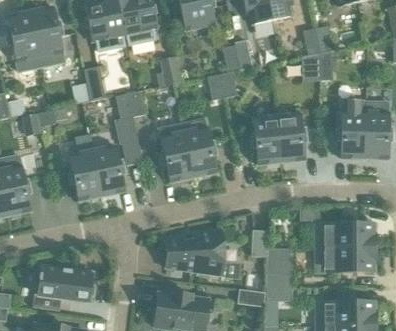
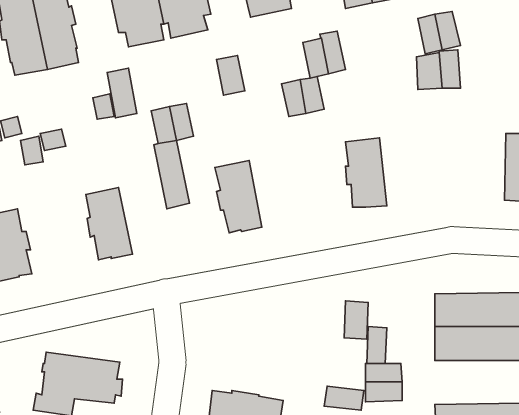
building: [338,99,365,158] -> none
building: [276,112,305,162] -> none
building: [184,125,216,177] -> none
building: [92,144,125,196] -> none
building: [165,228,223,274] -> none

